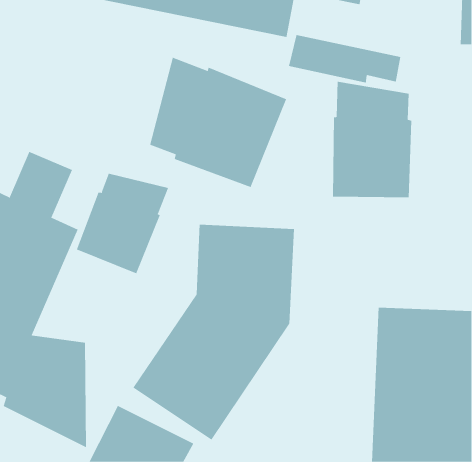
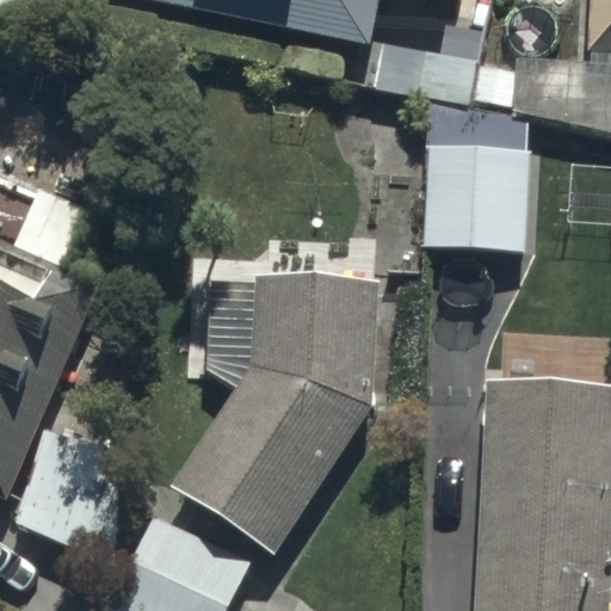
building: [149,57,287,188] -> none
building: [76,173,169,274] -> none

